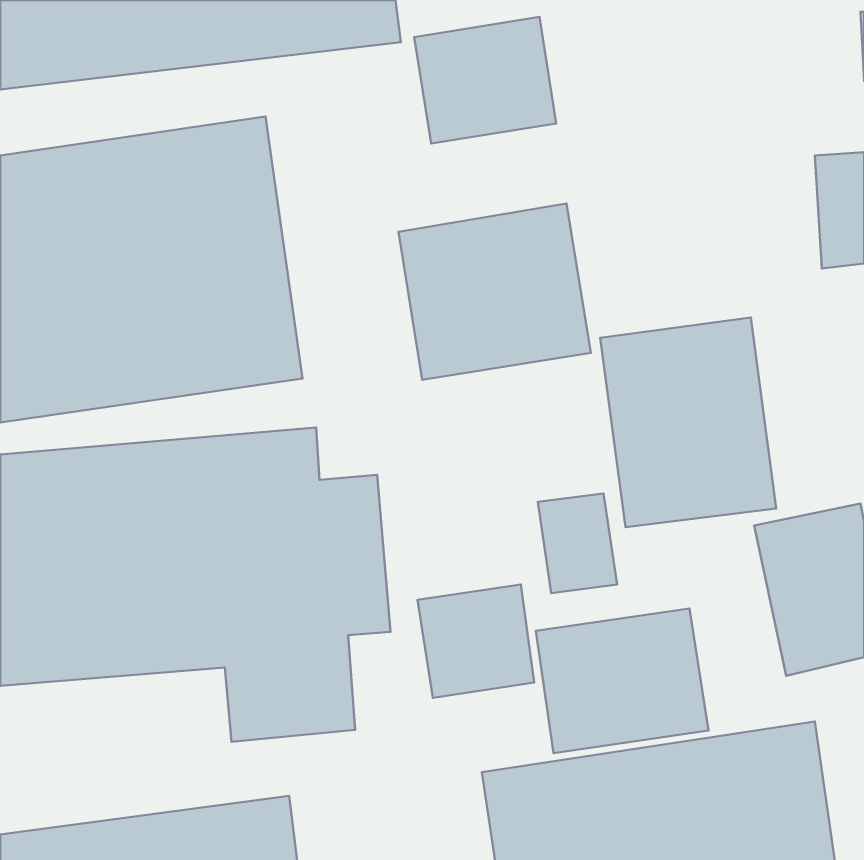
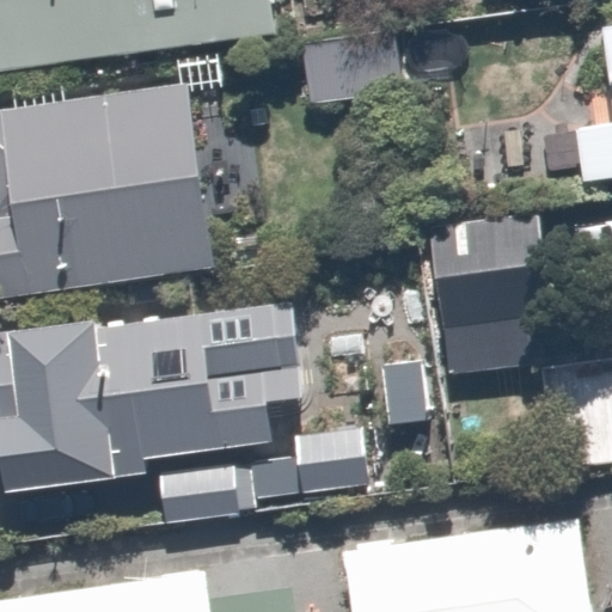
building: [399,203,591,380] -> none
building: [536,608,709,753] -> none

